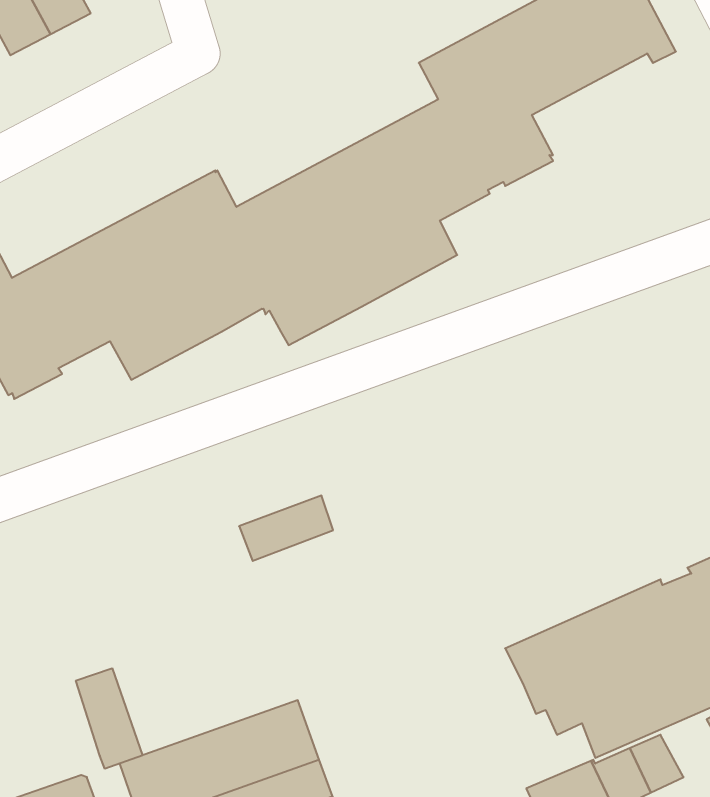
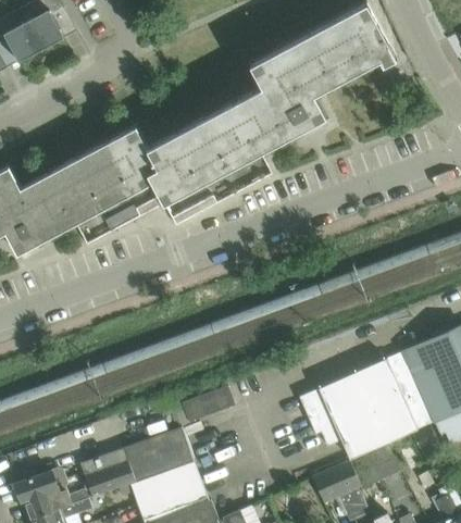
building: [239,496,333,561] -> [182,386,235,423]
building: [76,668,143,769] -> none

